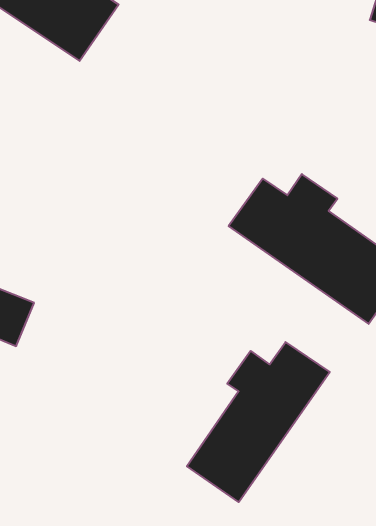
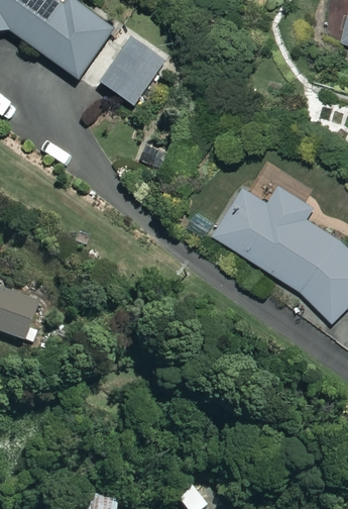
building: none -> [97,35,167,109]
building: [187,342,330,502] -> none

